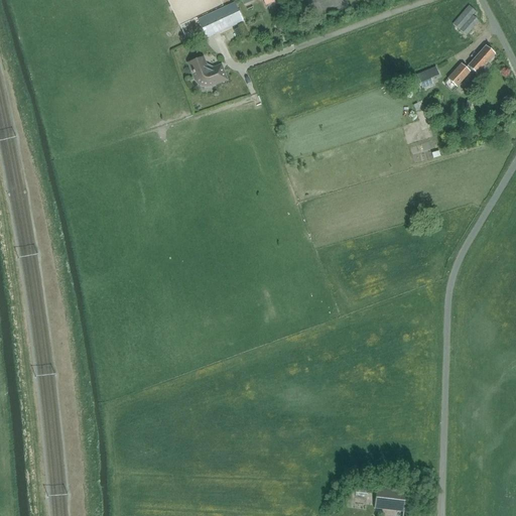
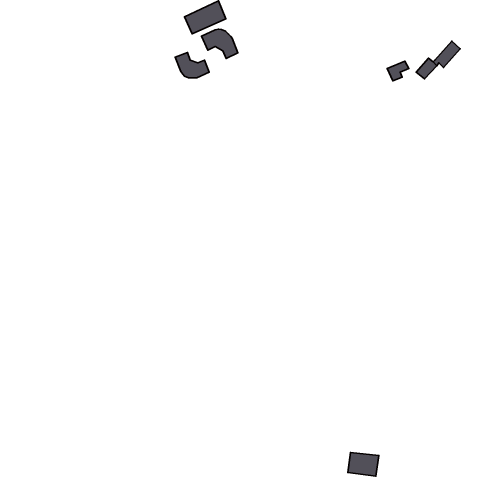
building: [453,4,478,34] -> none
building: none -> [201,29,238,58]

